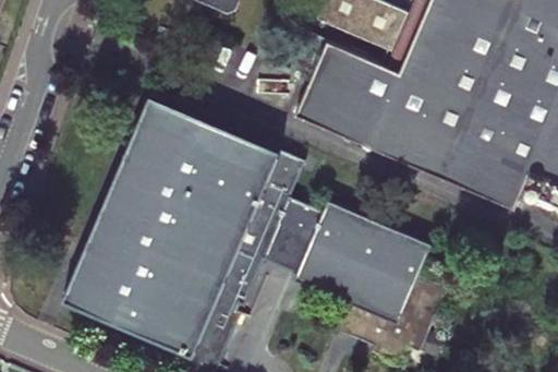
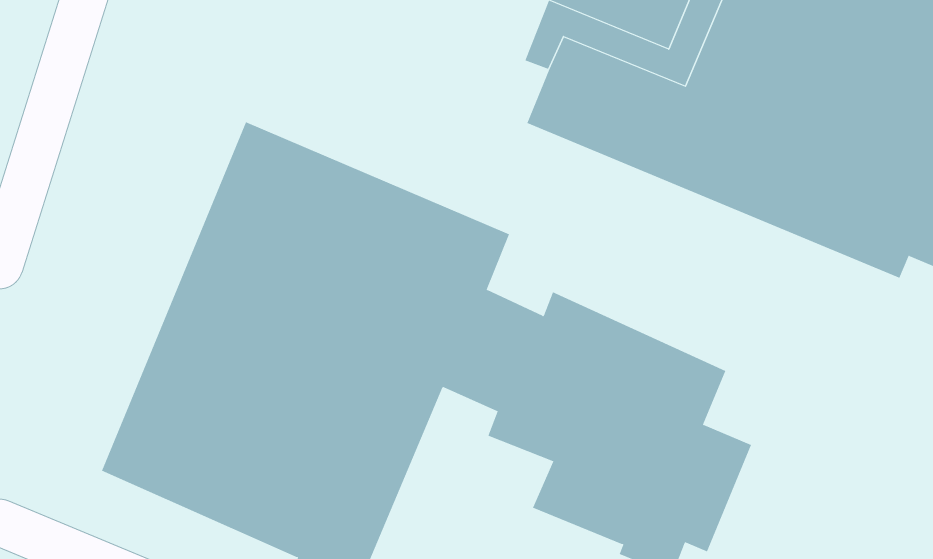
building: [301,98,531,213] -> none

